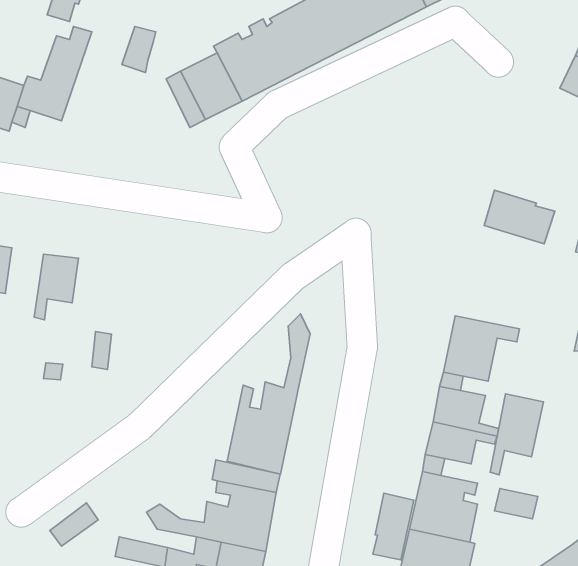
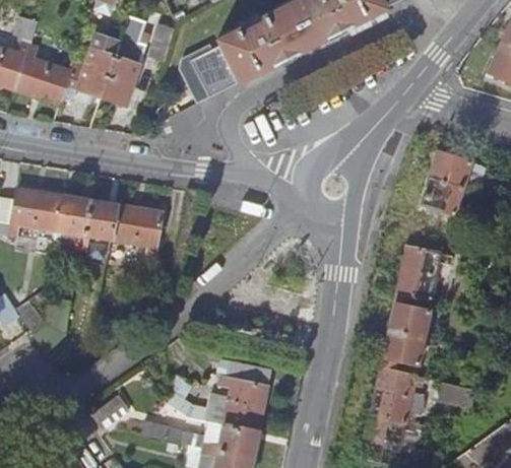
building: none -> [101,16,147,106]
building: none -> [421,179,475,214]
building: none -> [57,196,86,250]
building: none -> [109,204,159,260]
building: [227,314,310,474] -> none
building: [490,394,544,475] -> none
building: [373,493,414,560] -> none

